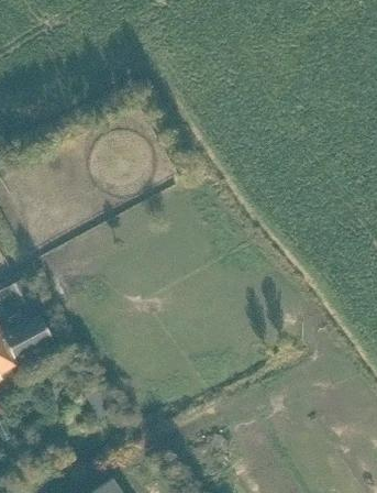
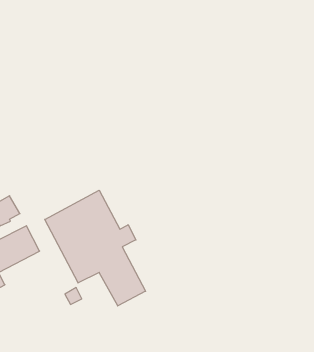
building: none -> [45,190,146,306]

